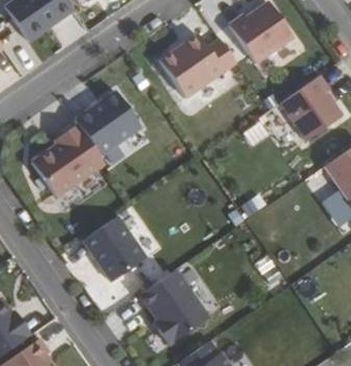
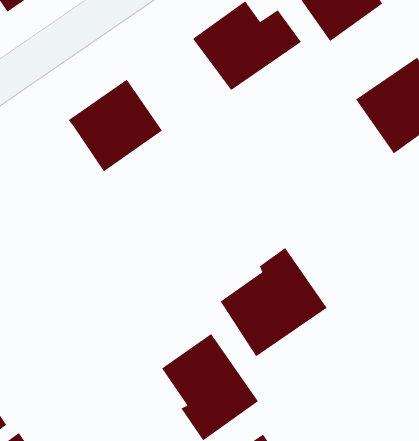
building: [31,123,104,195] -> none
building: none -> [220,247,328,357]
building: [82,214,145,280] -> none

